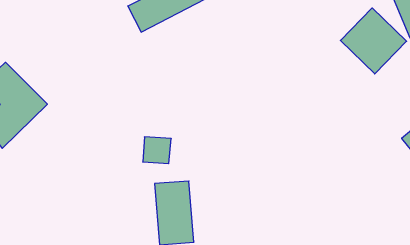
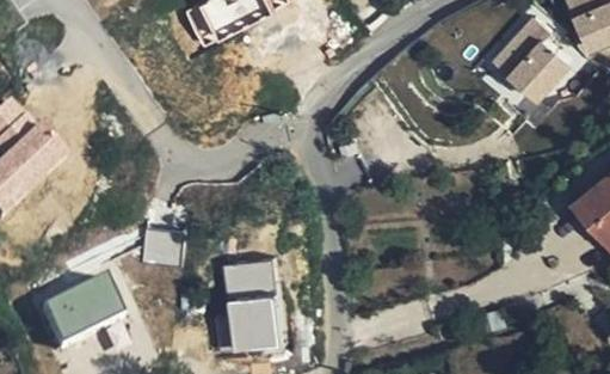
building: [143,137,171,164] -> [141,228,181,266]
building: none -> [42,271,124,343]

